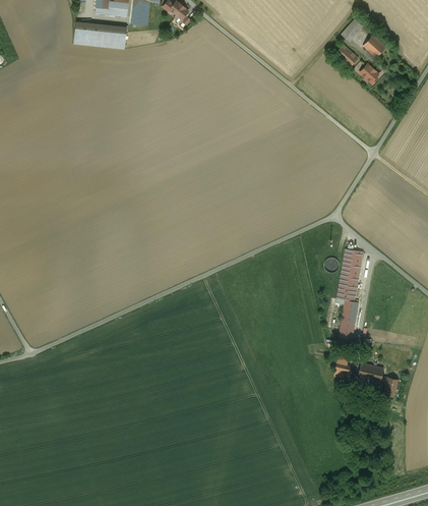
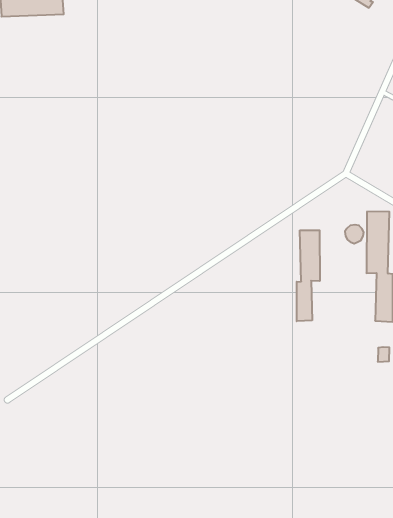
building: none -> [297,230,320,321]

